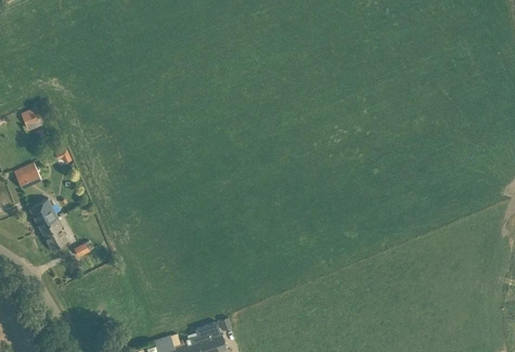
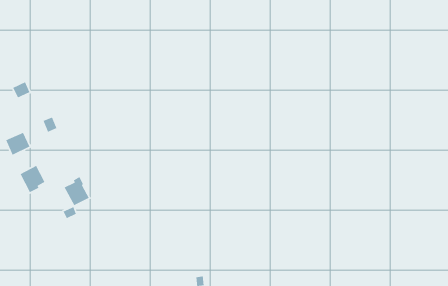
building: [40,216,68,248] -> [64,176,90,206]

